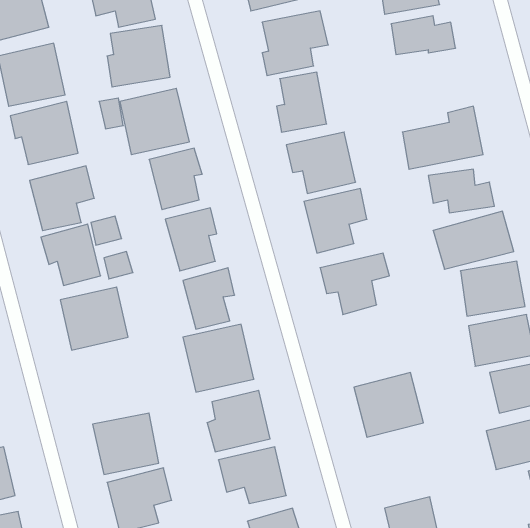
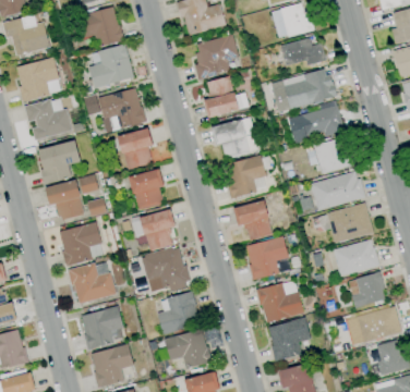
building: none -> [270,69,336,112]
building: none -> [245,237,288,280]
building: none -> [69,262,116,304]
building: none -> [266,318,311,362]

